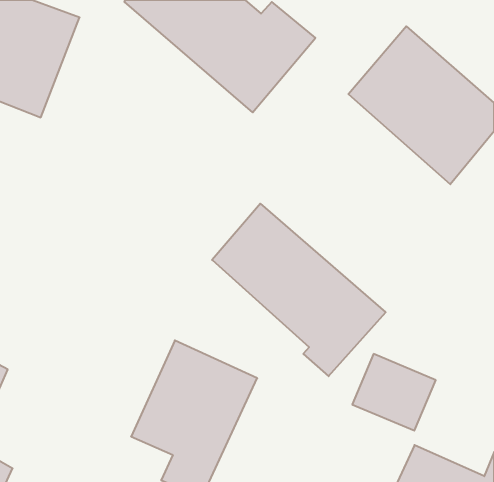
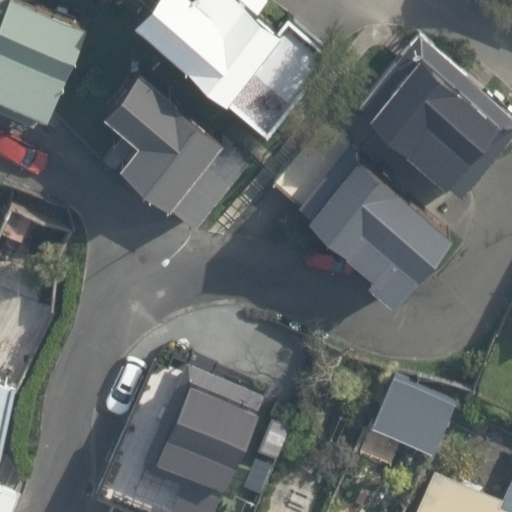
building: none -> [105,76,250,235]
building: [212,204,386,376] -> [275,134,454,312]

